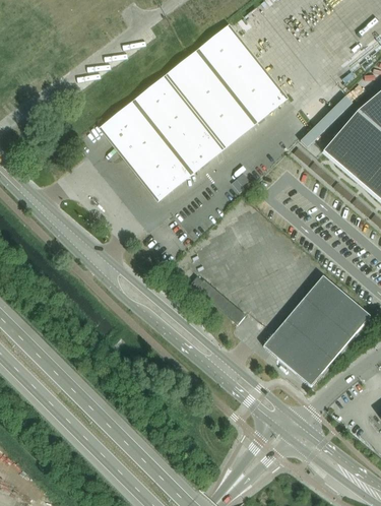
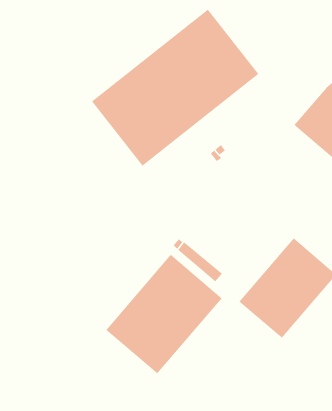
building: none -> [106,254,222,374]

